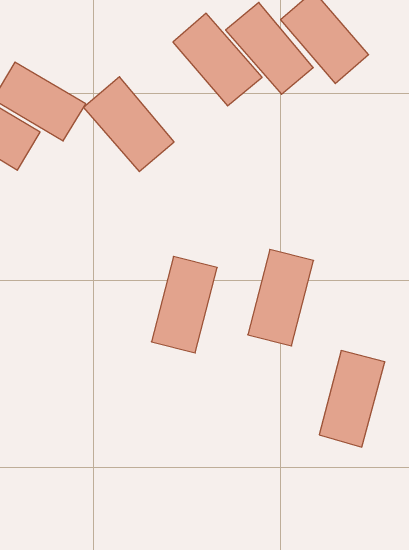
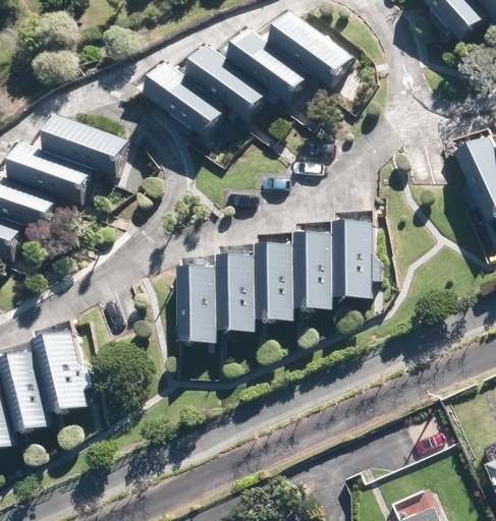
building: [83,77,174,172] -> [145,62,224,137]
building: none -> [254,240,297,316]
building: none -> [174,262,218,339]
building: [319,351,385,447] -> [332,221,376,297]

